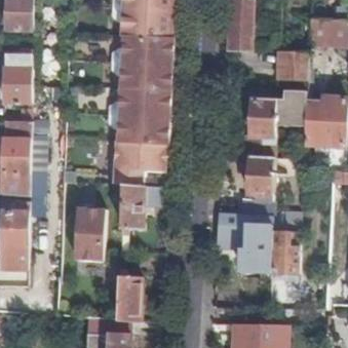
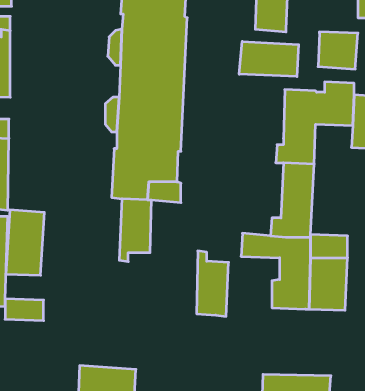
building: none -> [239,41,299,77]
building: [74,207,105,260] -> [6,210,44,275]
building: [117,269,143,321] -> [197,251,229,316]

